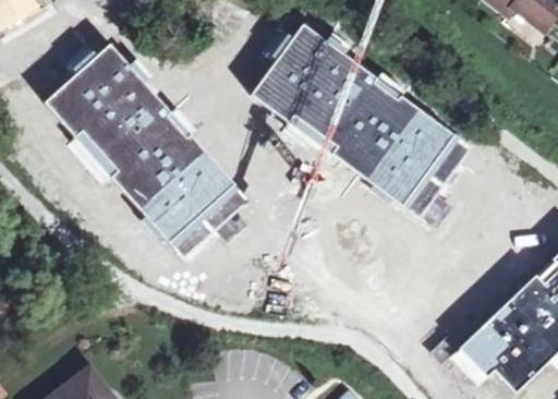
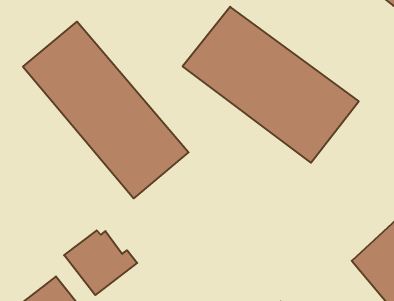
building: none -> [64,230,137,295]

